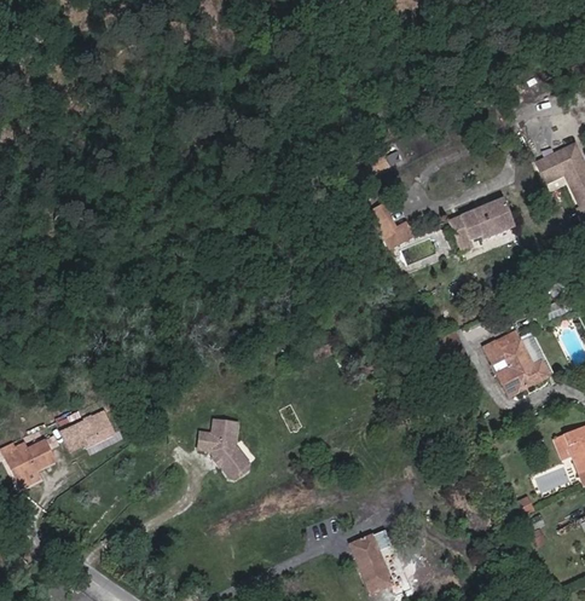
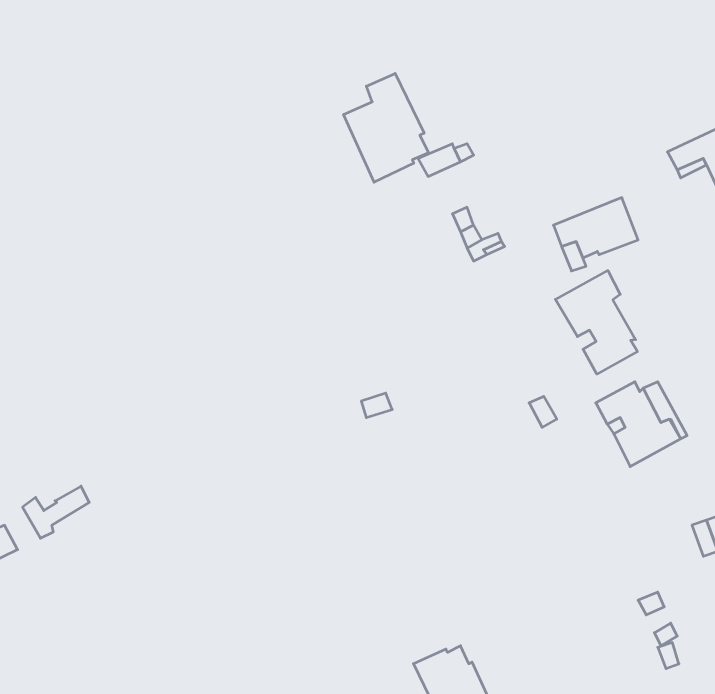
building: none -> [344,73,429,182]
building: none -> [555,271,637,374]
building: [196,417,247,476] -> none

